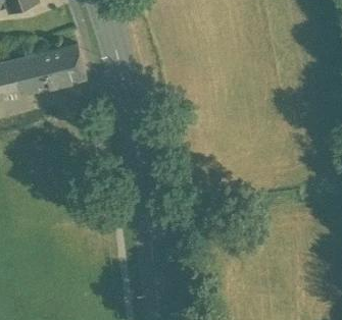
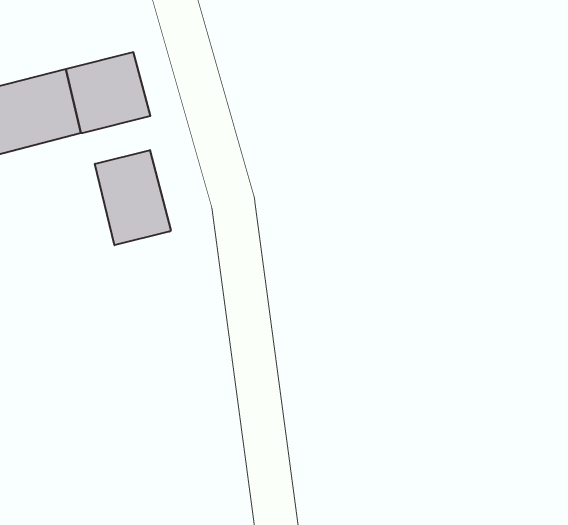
building: none -> [95,150,171,245]

